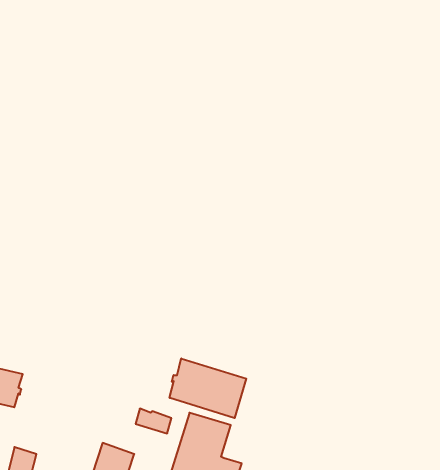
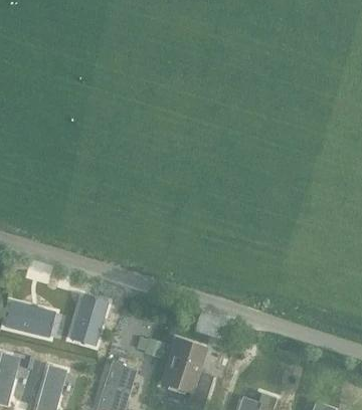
building: none -> [70,295,107,345]
building: [170,358,246,418] -> none

